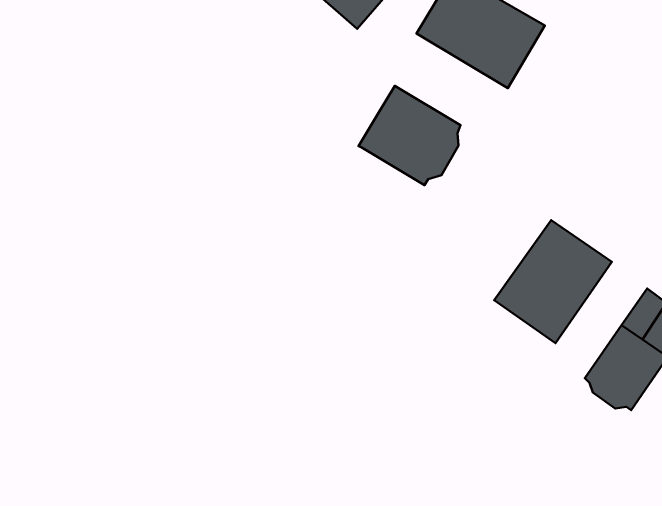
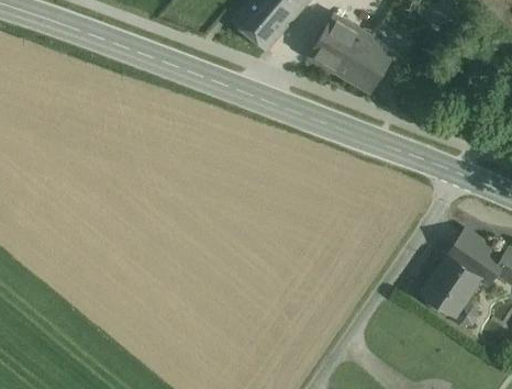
building: [359,86,461,185] -> none
building: [494,220,612,343] -> none

